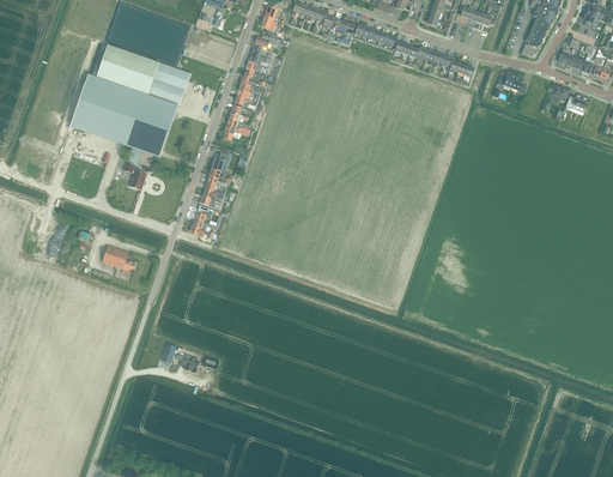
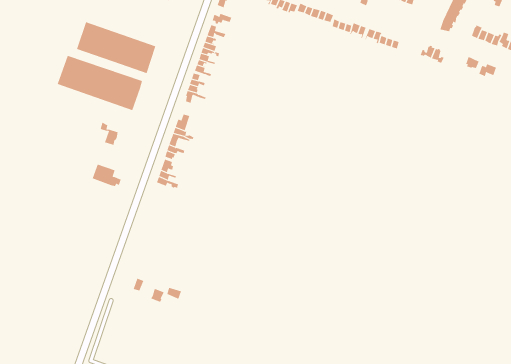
building: [99,247,134,273] -> [92,164,122,187]

